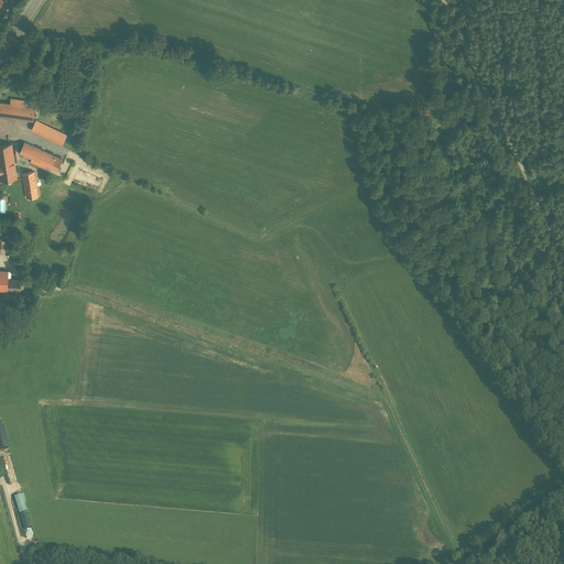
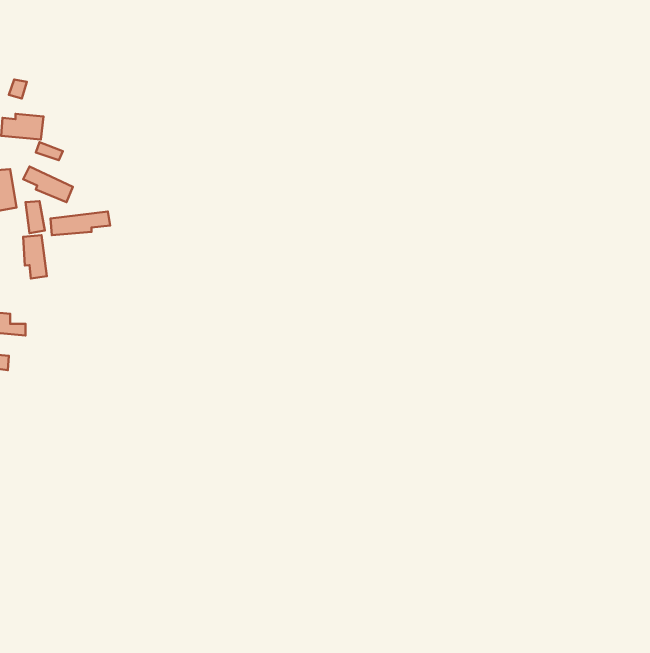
building: none -> [51,211,110,235]
building: none -> [23,235,47,279]

